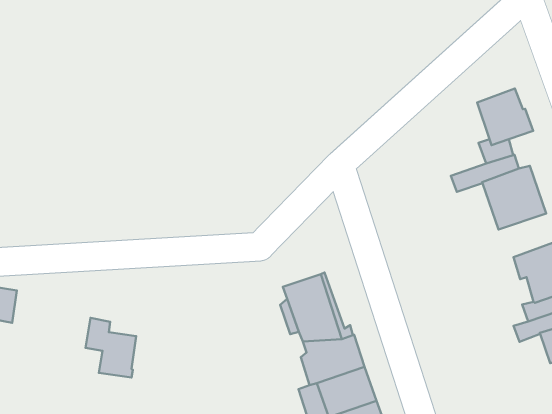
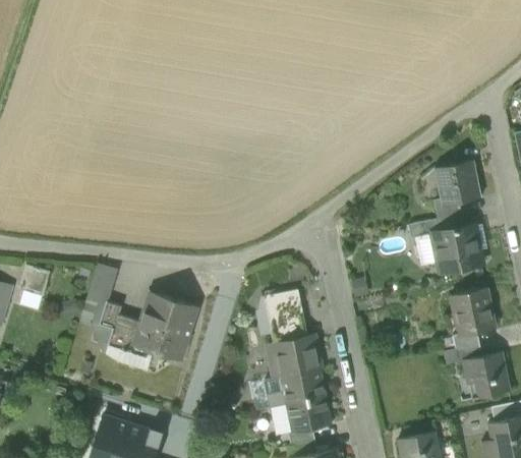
building: none -> [79,265,115,325]
building: none -> [133,292,196,361]

